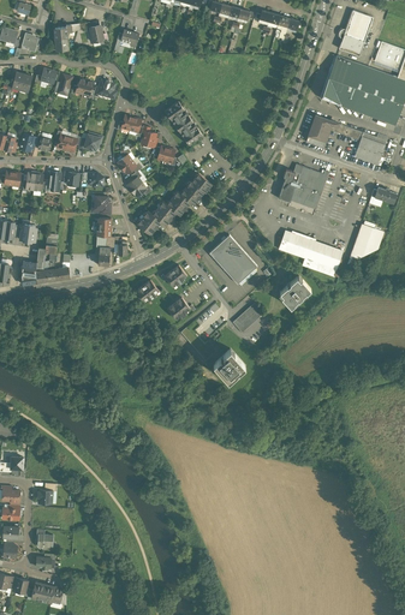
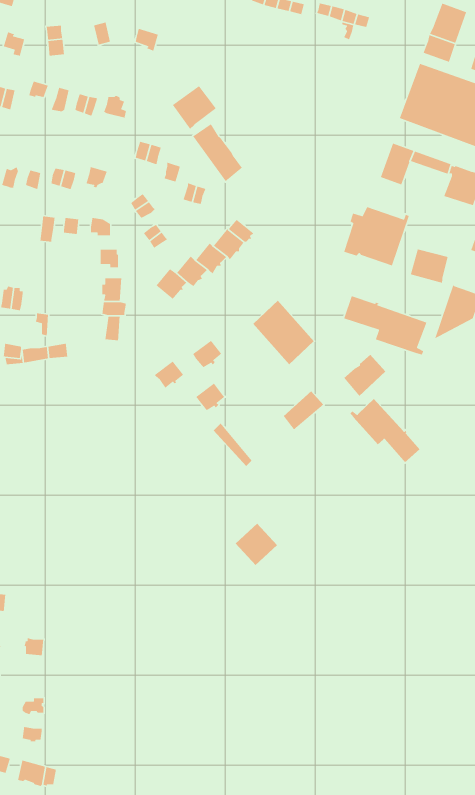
building: none -> [172,85,217,130]
building: none -> [410,249,448,284]
building: none -> [349,398,421,463]
building: [213,348,245,381] -> [235,523,278,566]

